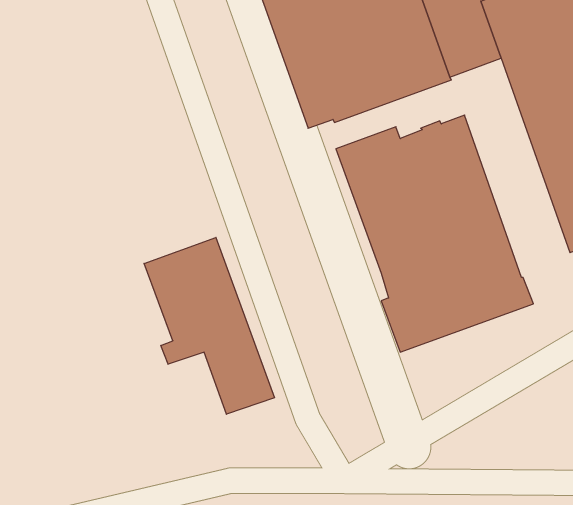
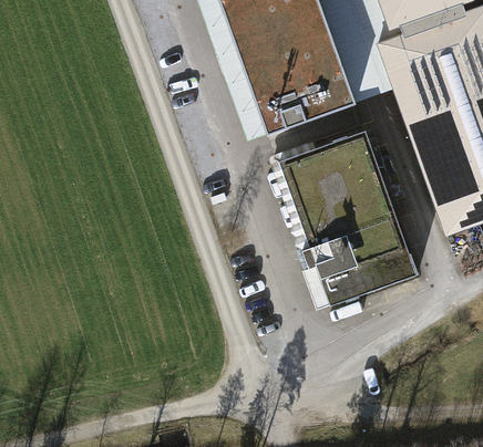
building: [144,237,274,414] -> none

